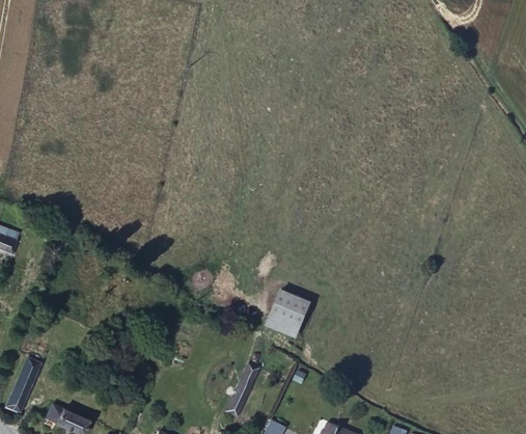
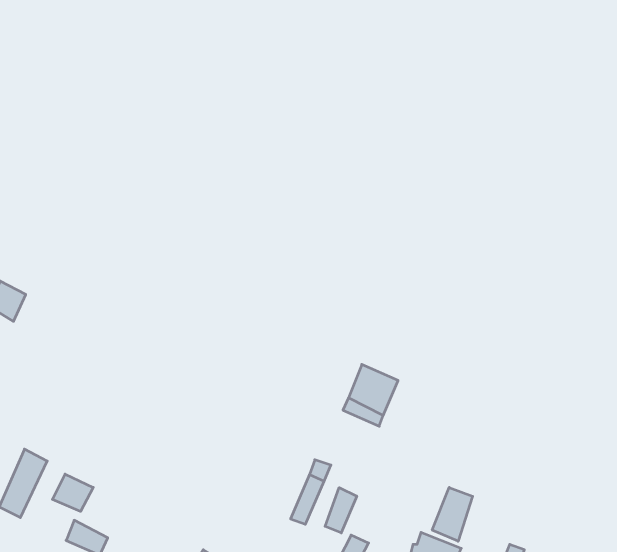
building: none -> [52,474,93,511]
building: none -> [432,487,473,541]
building: none -> [325,488,357,533]

